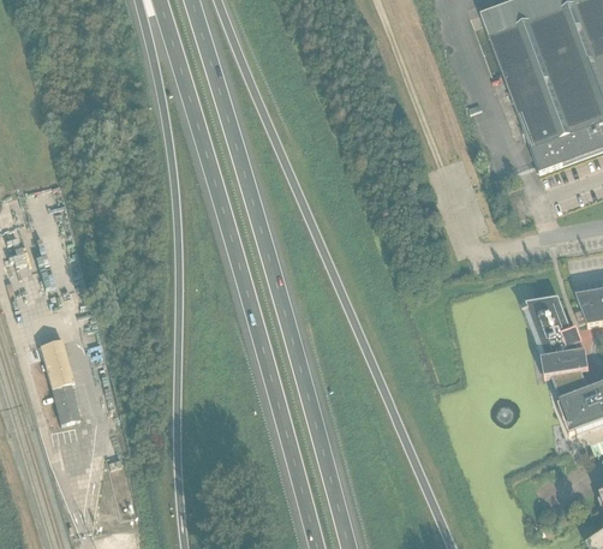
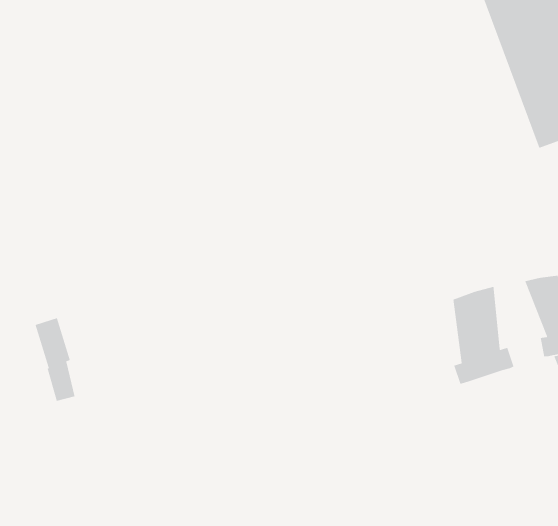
building: none -> [452,286,515,385]

